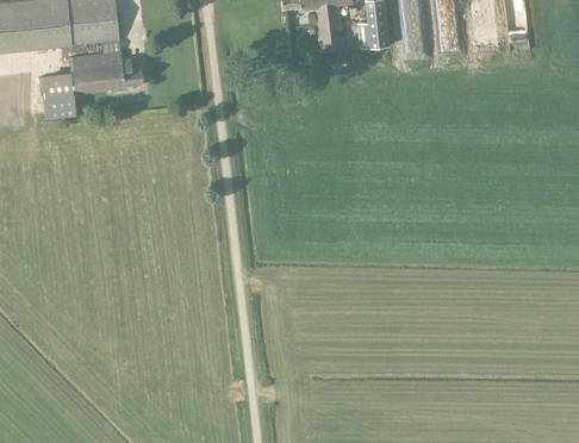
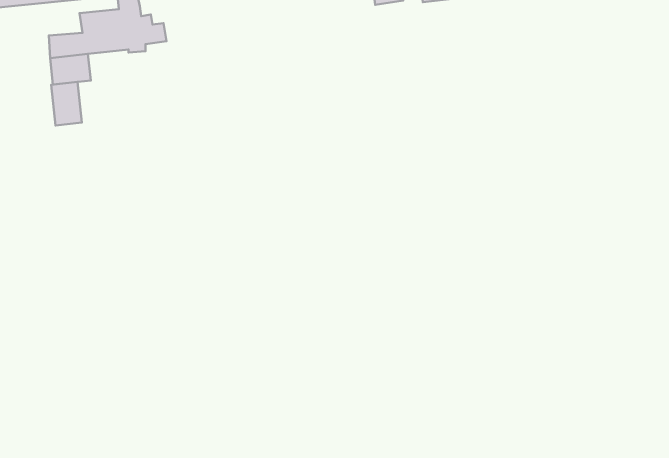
building: none -> [51,82,82,125]

